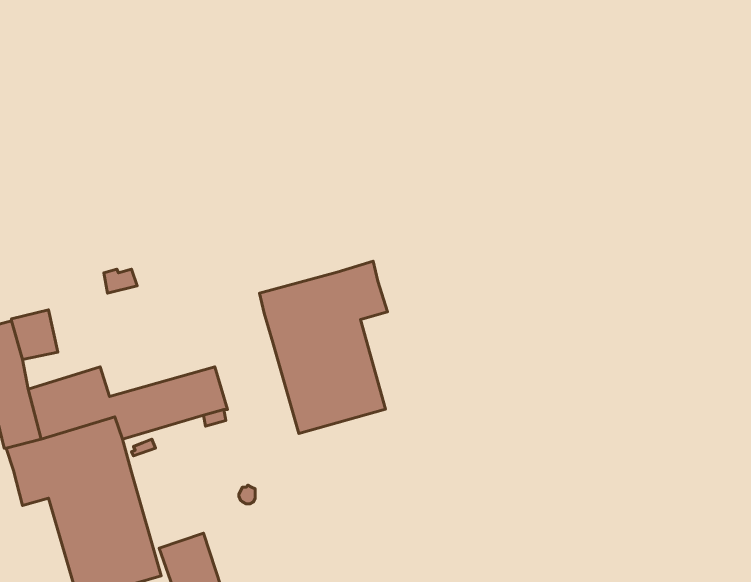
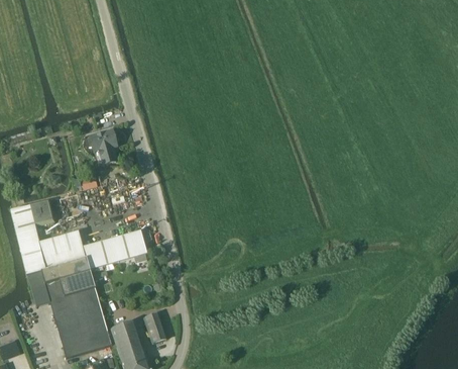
building: none -> [88,128,116,164]
building: [260,261,387,434] -> none
building: none -> [143,312,166,343]

